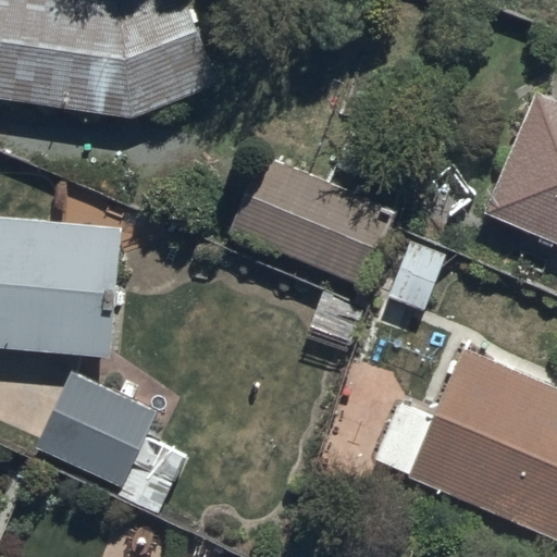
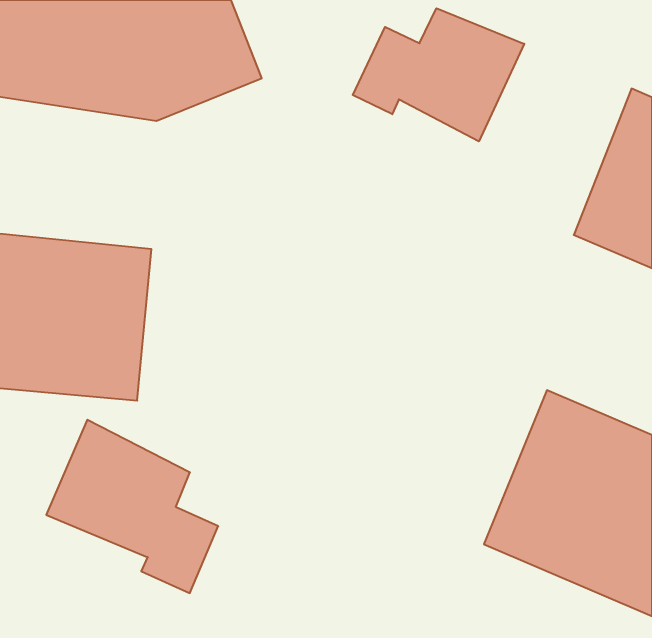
building: none -> [353,8,524,141]
building: [230,158,392,289] -> none

